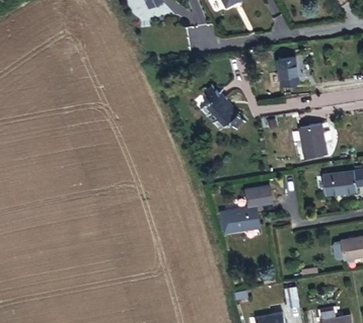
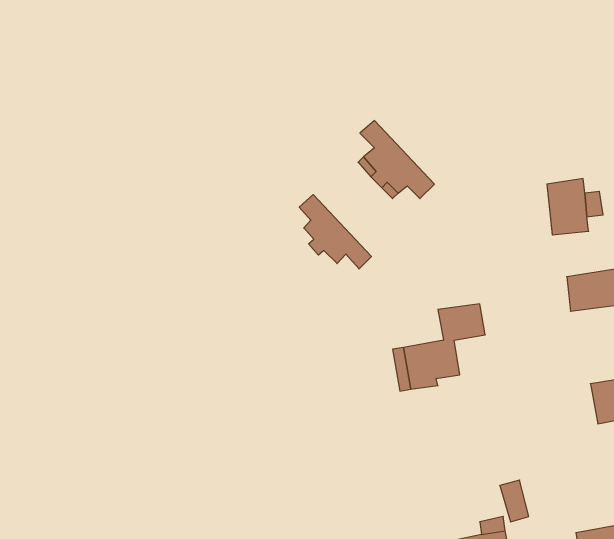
building: [281,58,304,88] -> none
building: none -> [299,195,371,269]

